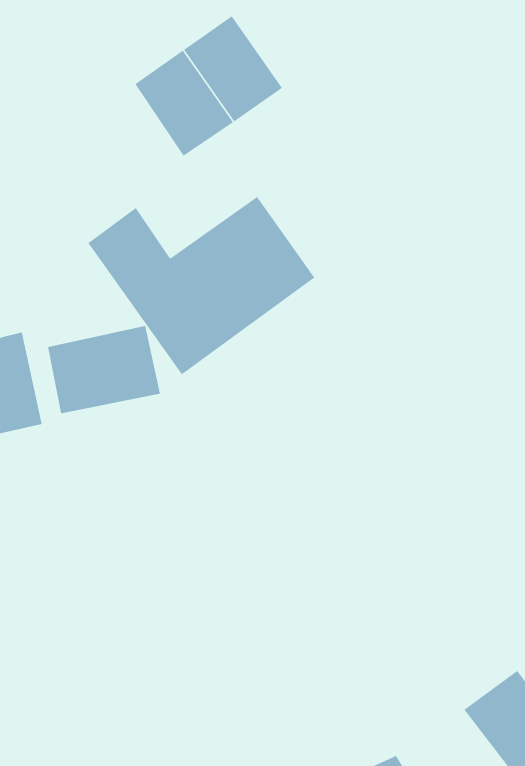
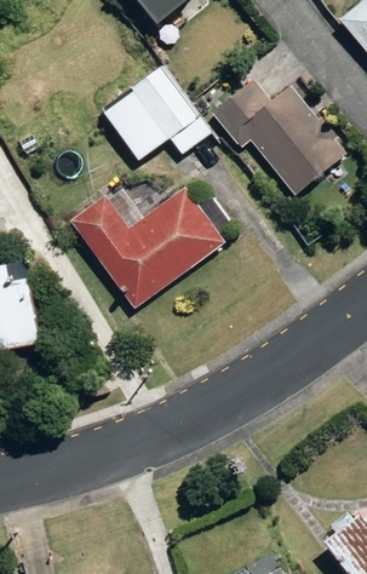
building: none -> [212,80,344,195]
building: [47,325,160,414] -> none

